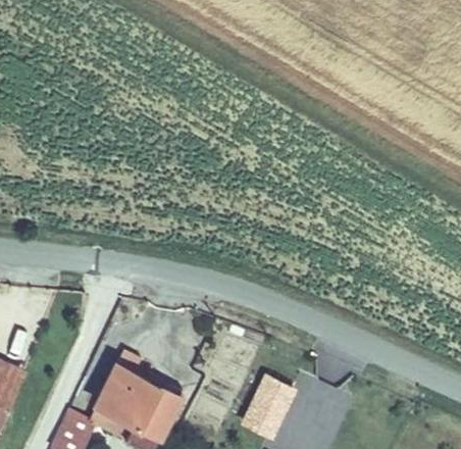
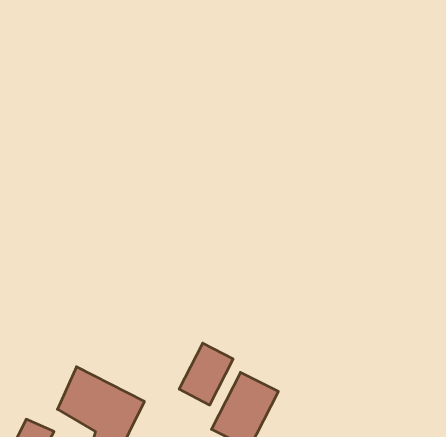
building: none -> [179,343,233,405]

